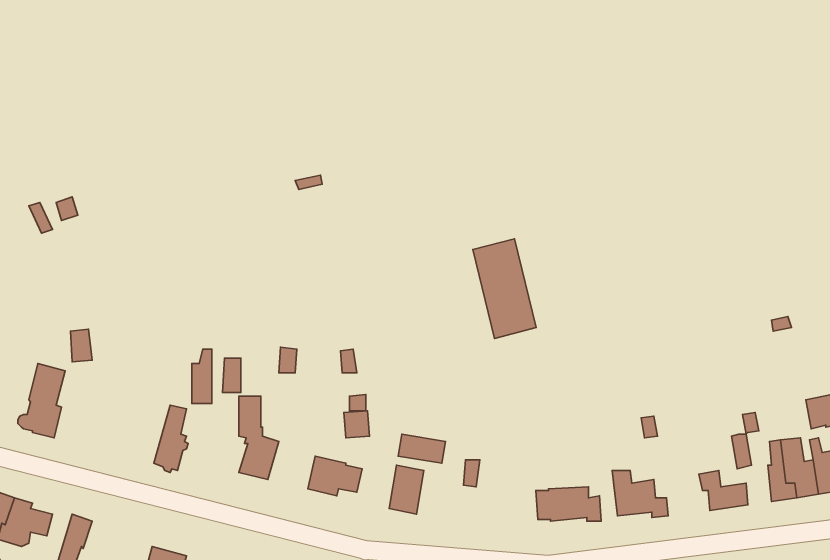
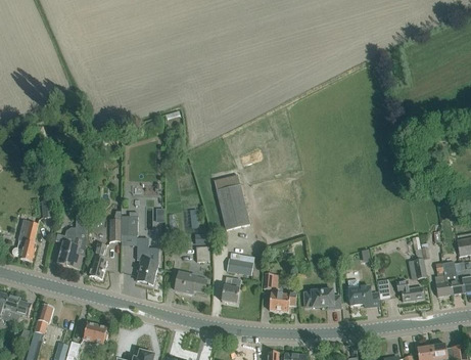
building: [473,239,536,338] -> [214,174,249,230]
building: none -> [55,213,88,269]
building: none -> [268,290,295,311]

